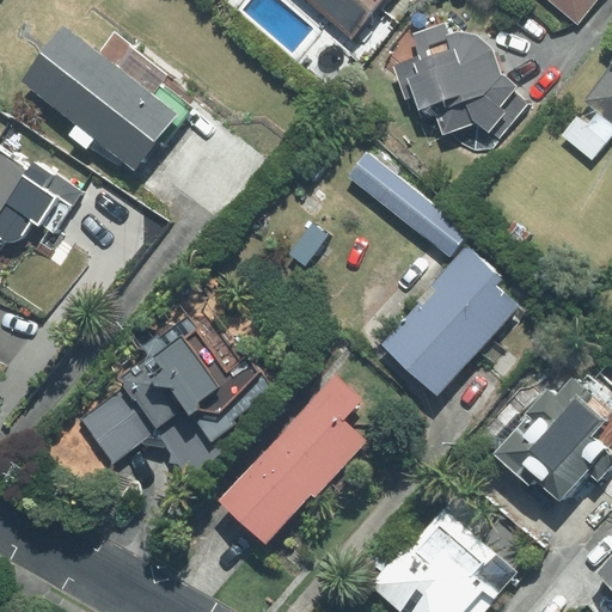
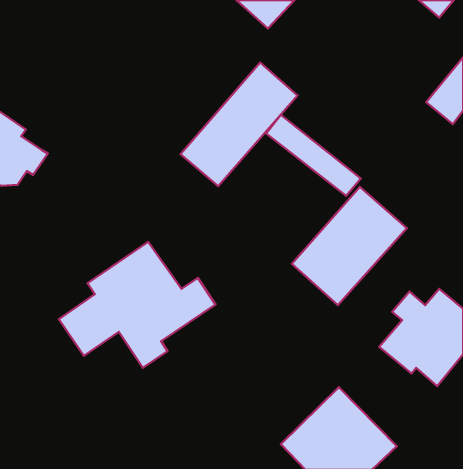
building: [396,20,522,135] -> none
building: [25,30,182,173] -> none
building: none -> [181,62,298,186]
building: [220,375,368,546] -> none

